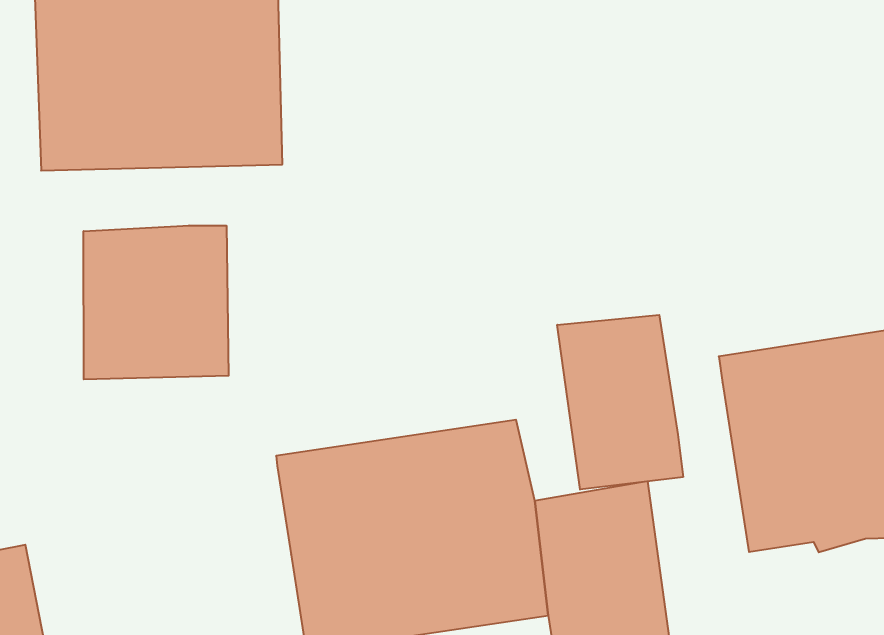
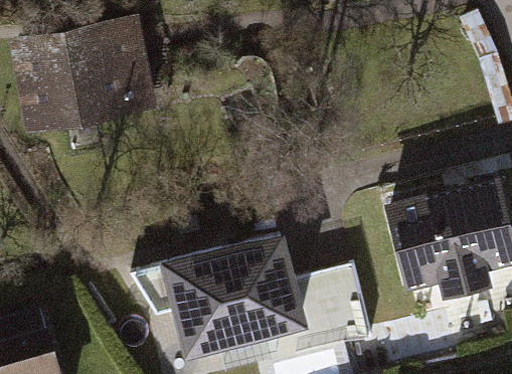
building: [84,225,229,379] -> none
building: [557,315,683,490] -> none

